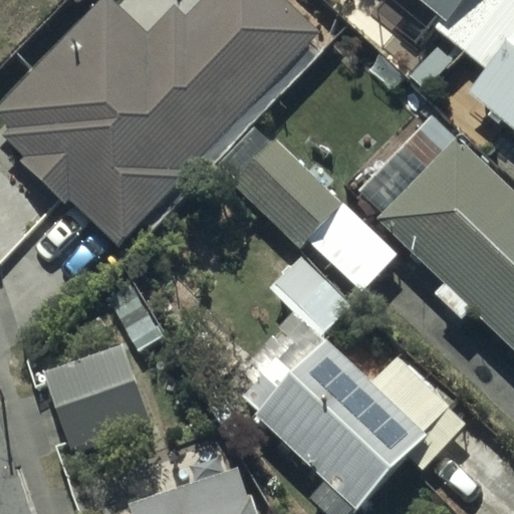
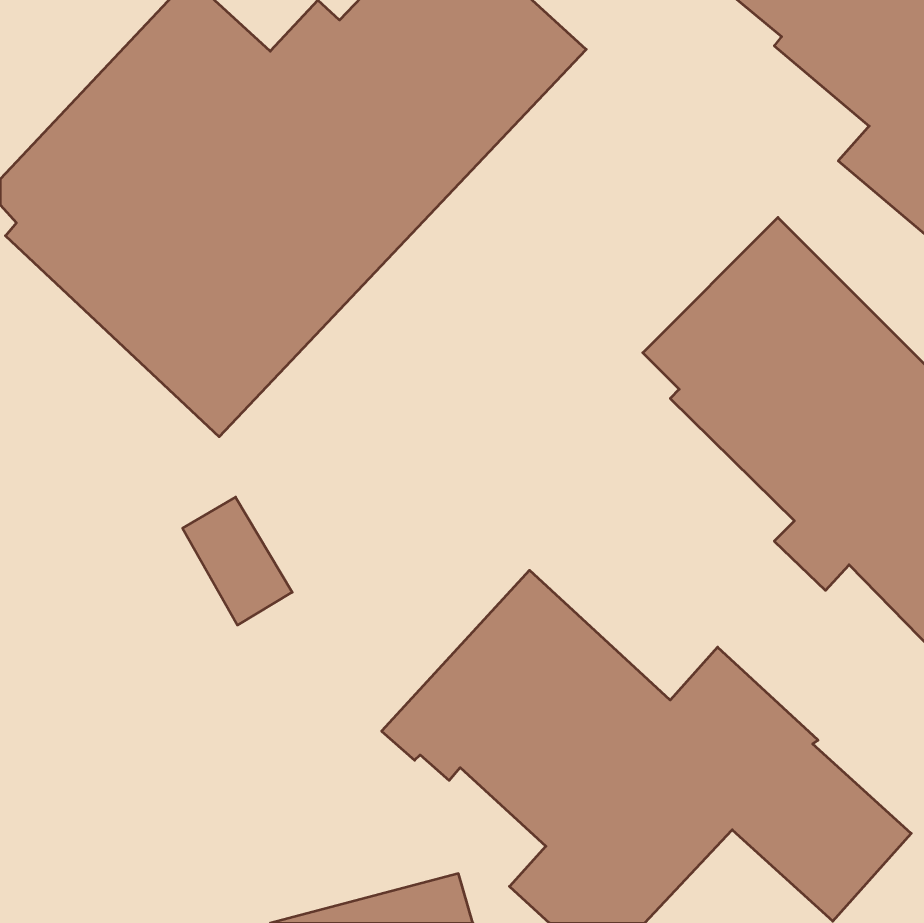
building: [221,140,398,294] -> none
building: [49,337,157,446] -> none

